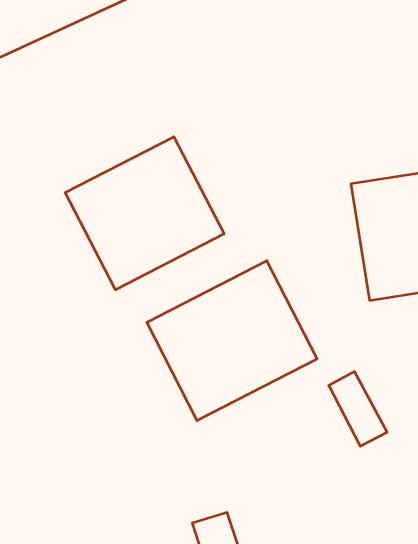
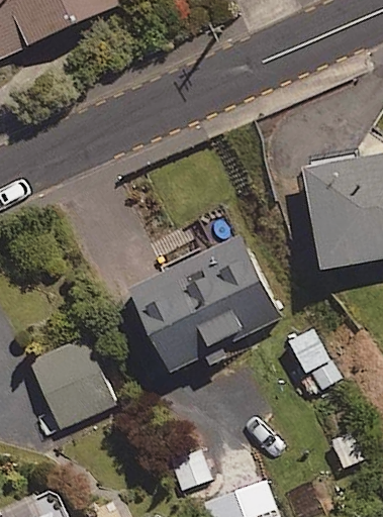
building: [65,137,224,290] -> none
building: none -> [29,338,114,429]

